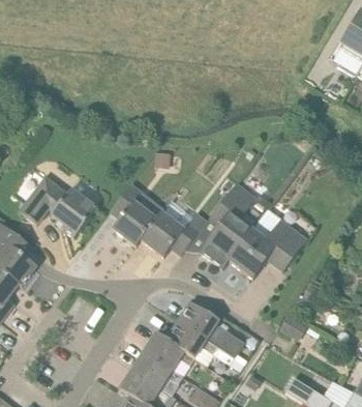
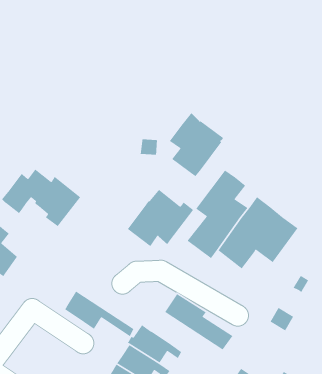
building: [111,182,164,245] -> [169,112,224,177]
building: [167,320,235,366] -> [64,290,135,337]

